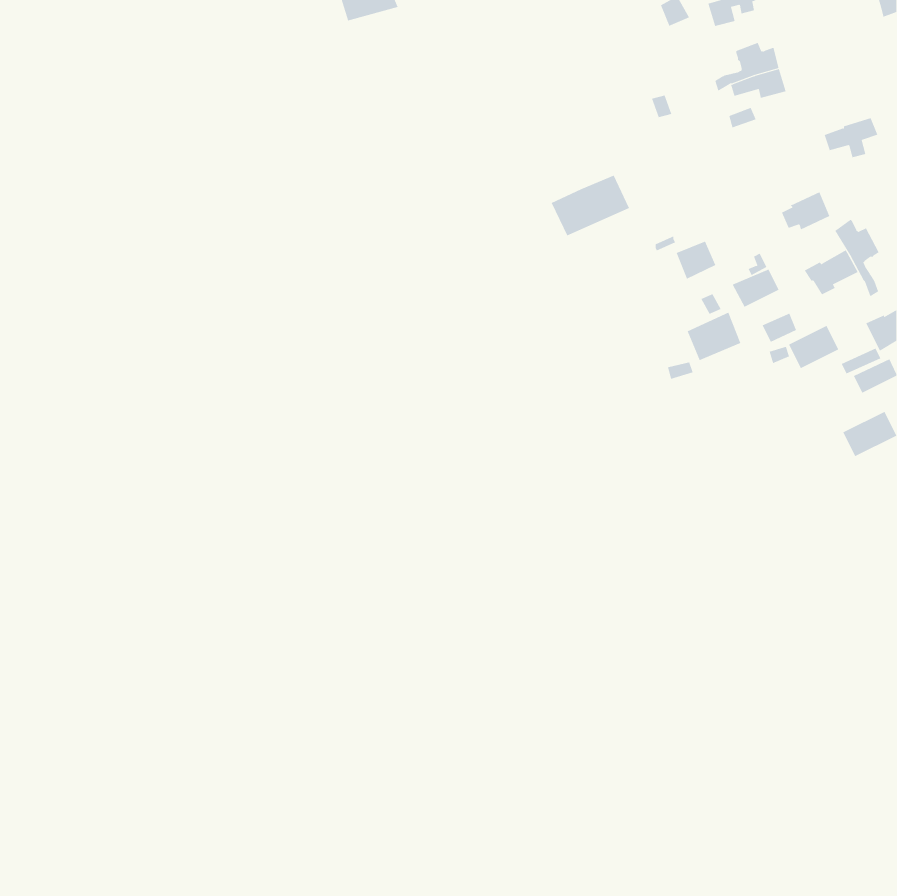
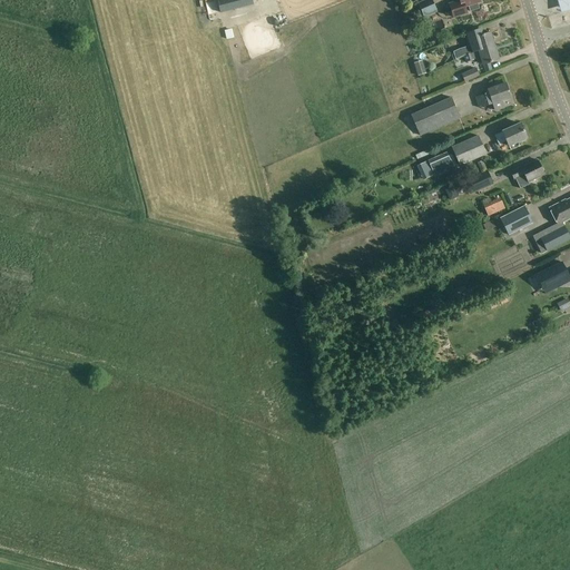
building: [824,117,878,158] -> [476,83,511,109]
building: [551,175,630,236] -> [411,97,461,136]
building: [834,219,879,297] -> none
building: [687,312,741,361] -> [452,135,487,166]

